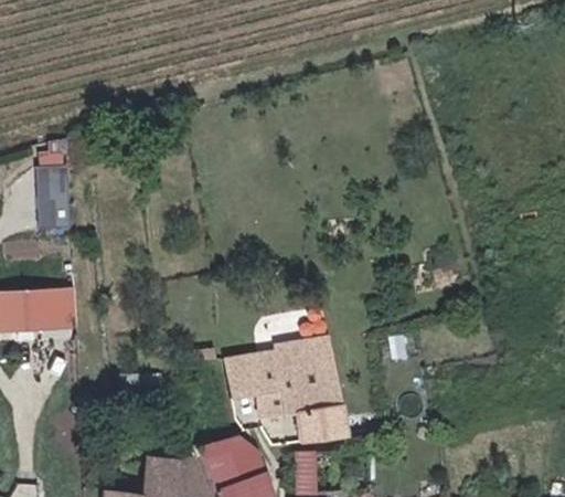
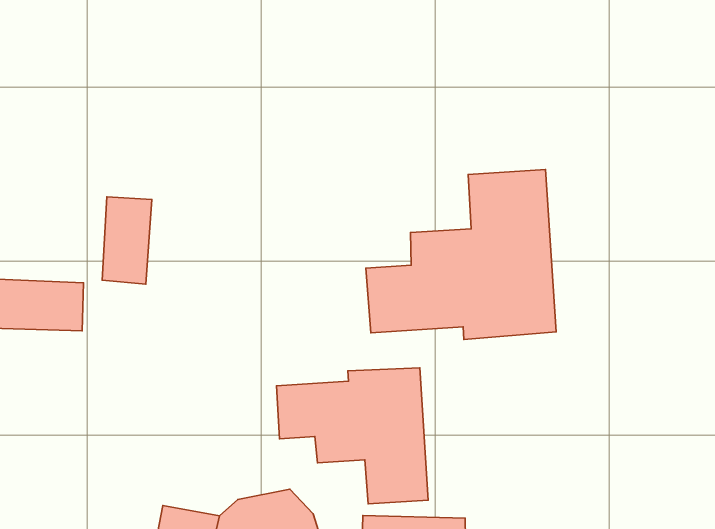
building: [32,165,66,229] -> [102,197,152,284]
building: none -> [366,170,556,340]

